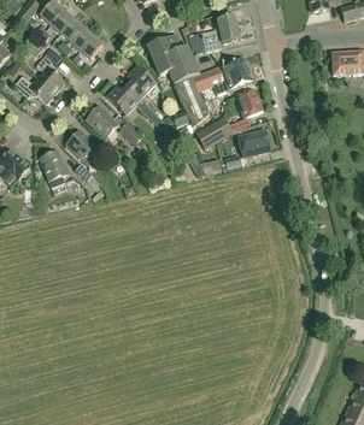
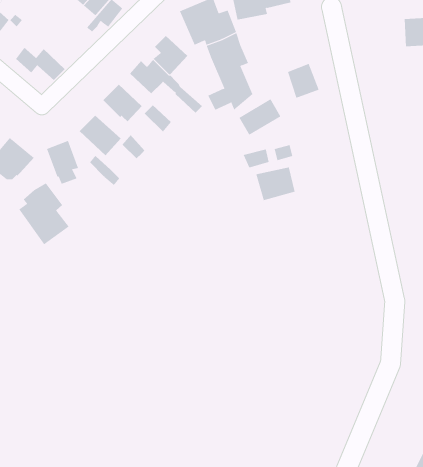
building: [36,47,65,93] -> none
building: [199,58,252,93] -> none
building: [237,129,270,157] -> [256,167,296,201]
building: none -> [18,182,70,245]

